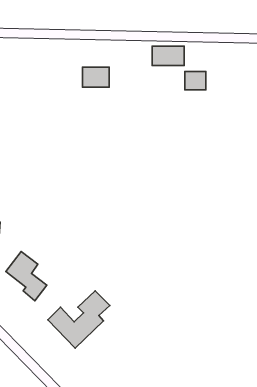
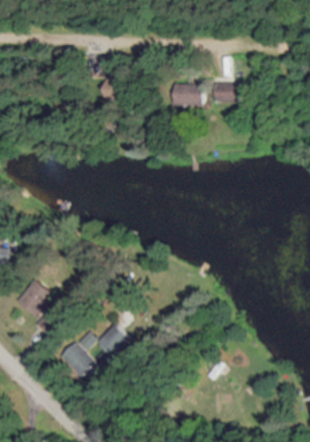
building: [152,46,184,65] -> [167,84,202,105]

